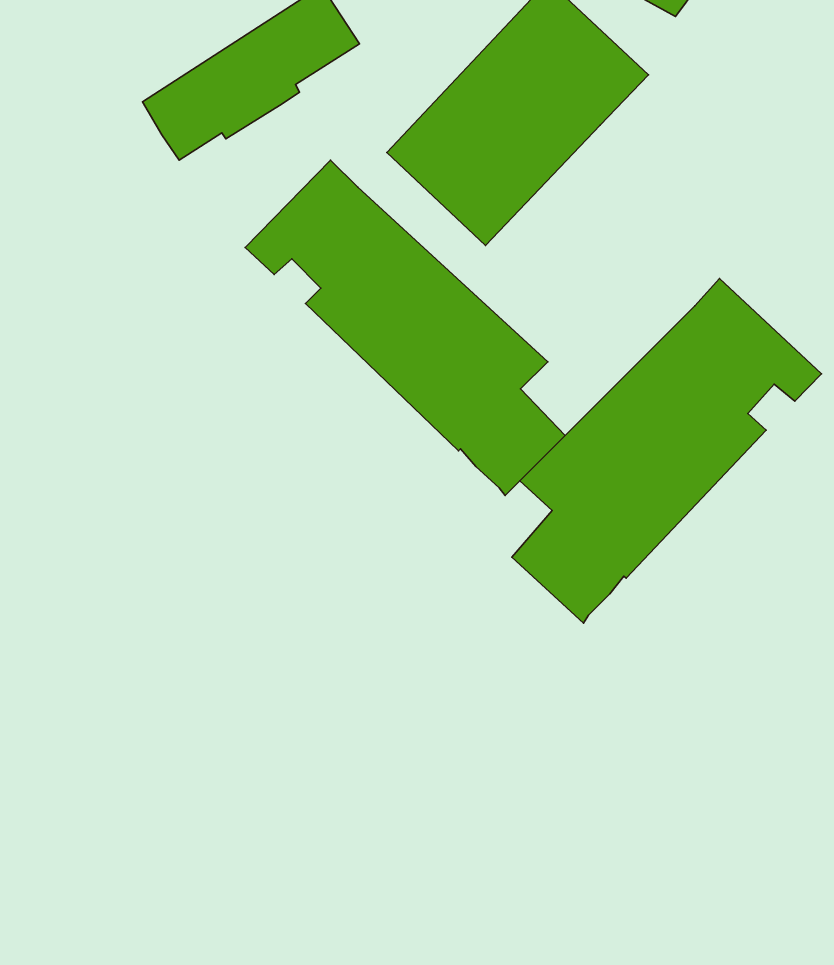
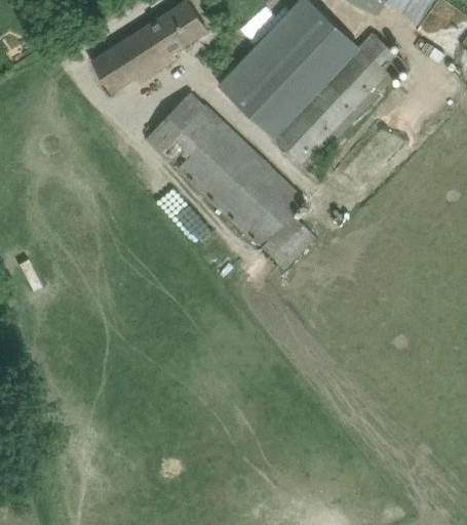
building: none -> [273,33,403,168]
building: [512,278,822,623] -> none

